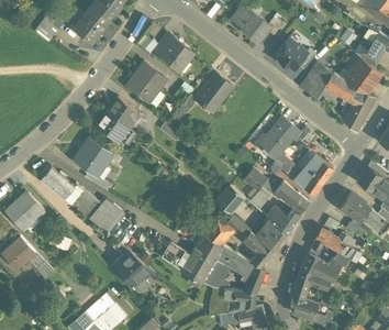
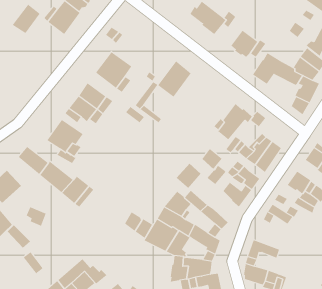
building: [155,34,193,70] -> none
building: [258,218,286,251] -> none
building: [113,251,154,294] -> none
building: [301,253,348,280] -> none

